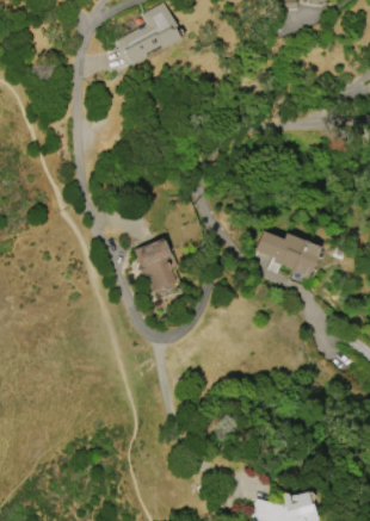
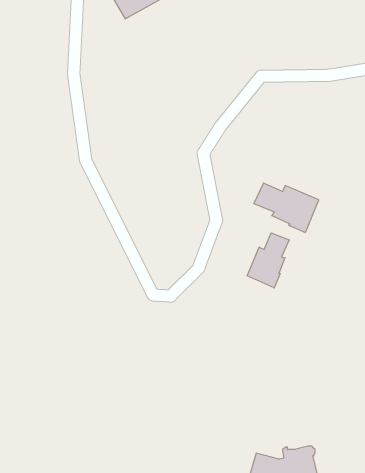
building: [136,240,178,292] -> none
building: none -> [247,233,289,288]

